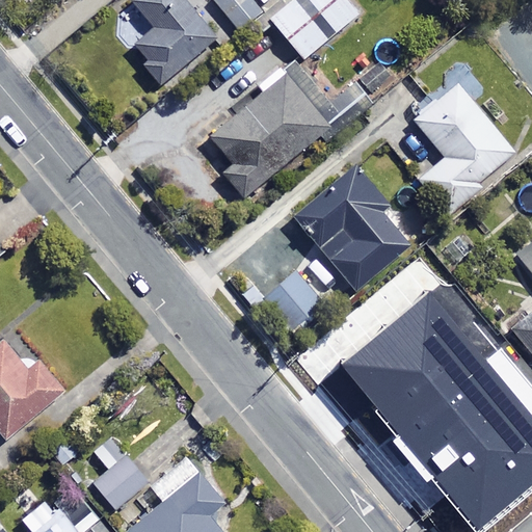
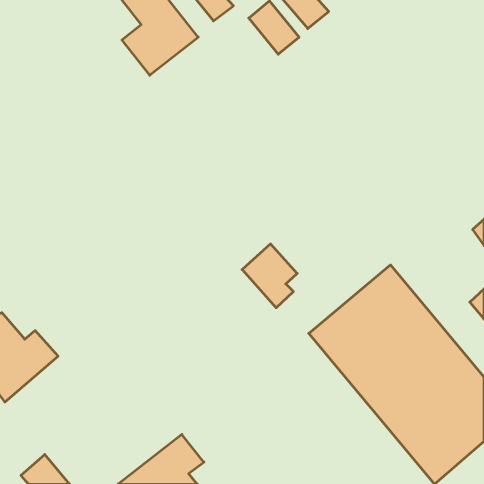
building: [213,65,365,198] -> none
building: [413,80,514,214] -> none
building: [293,166,405,289] -> none
building: [95,453,151,509] -> none

